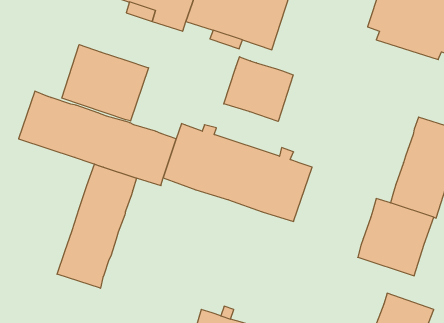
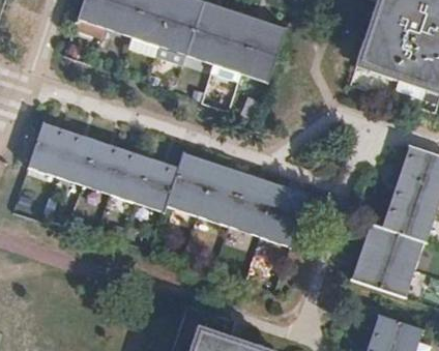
building: [62,45,149,121] -> none
building: [224,57,293,121] -> none
building: [57,164,136,288] -> none

